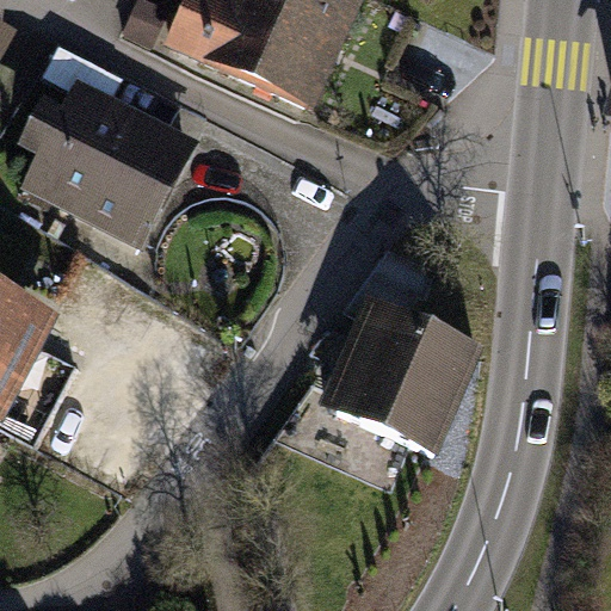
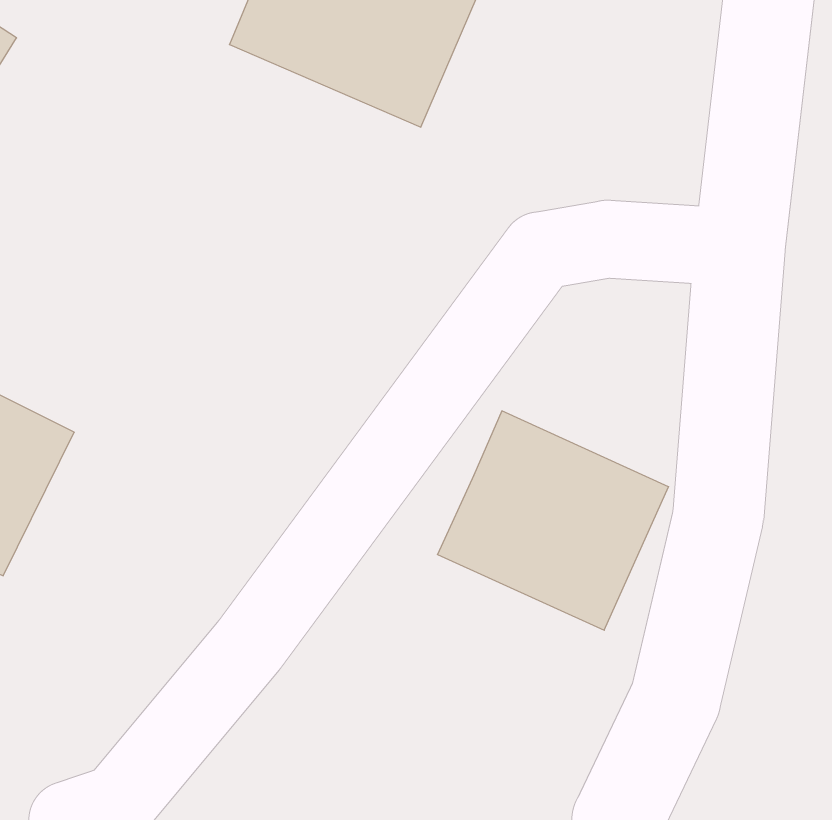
building: [17,76,193,242] -> none

